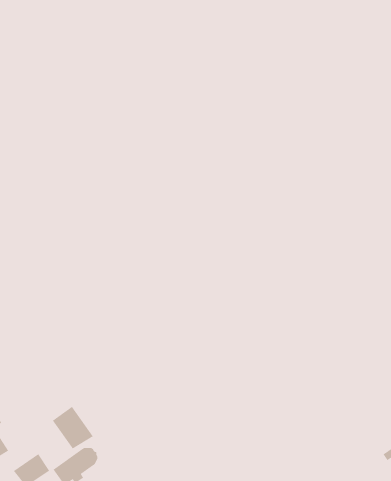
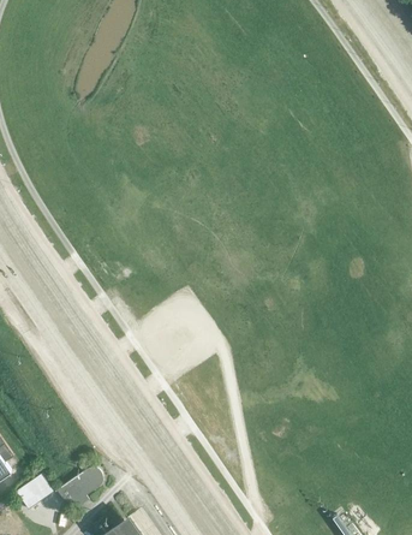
building: [52,406,94,449] -> none

